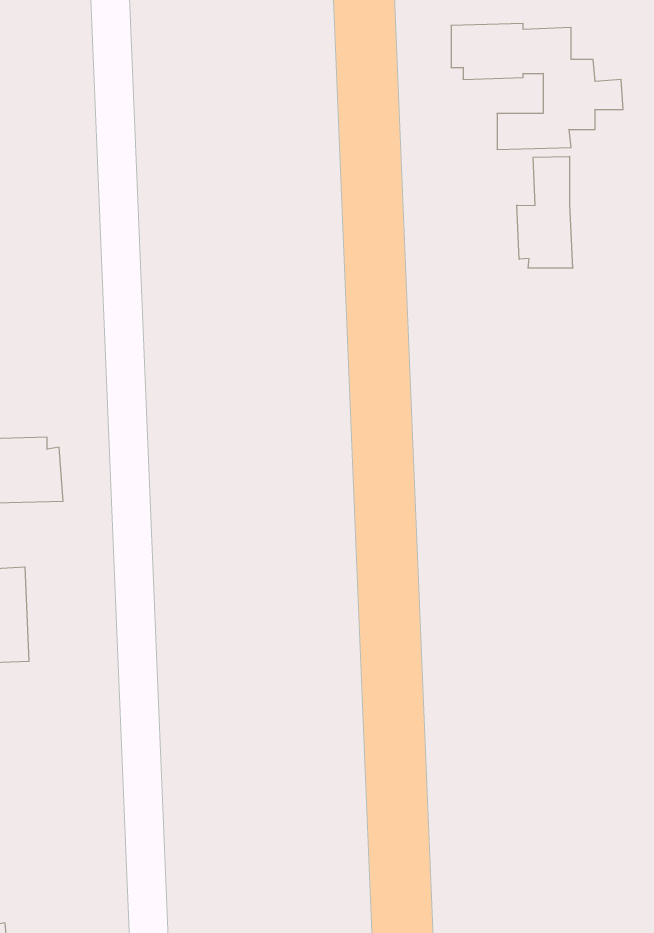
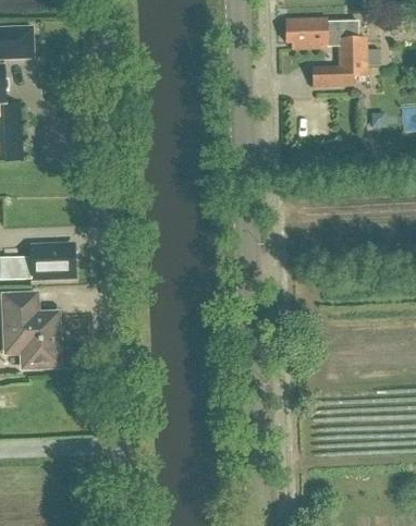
building: [517,156,573,268] -> none

